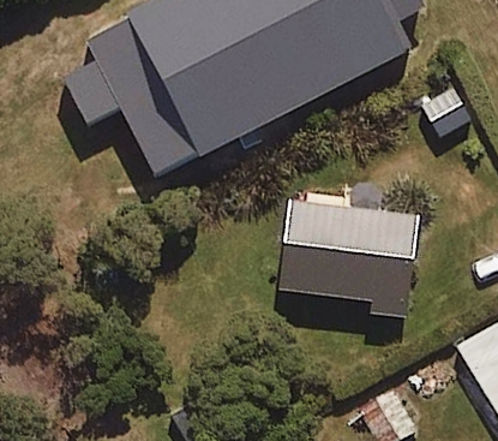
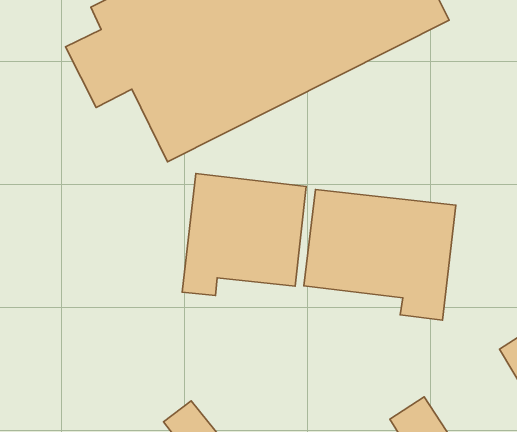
building: none -> [182,173,306,296]

